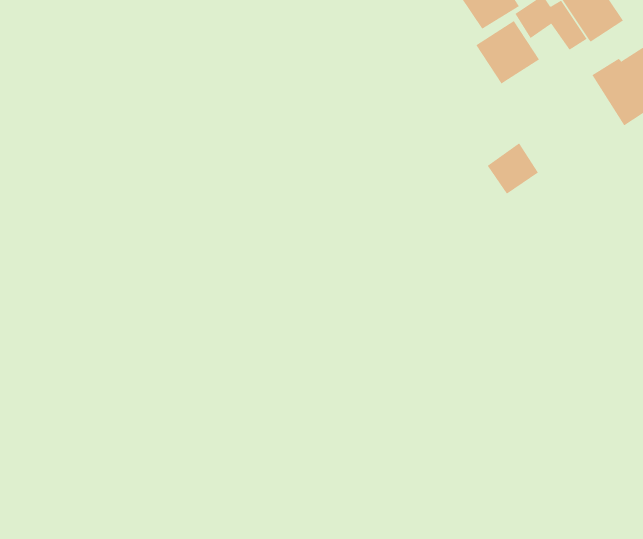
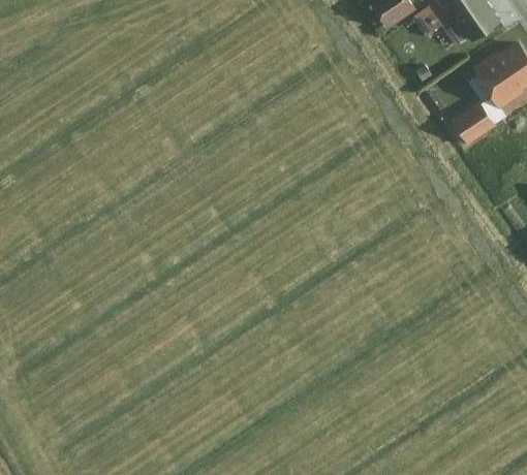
building: [476,20,540,84] -> none
building: [487,142,539,195] -> [453,102,494,144]

